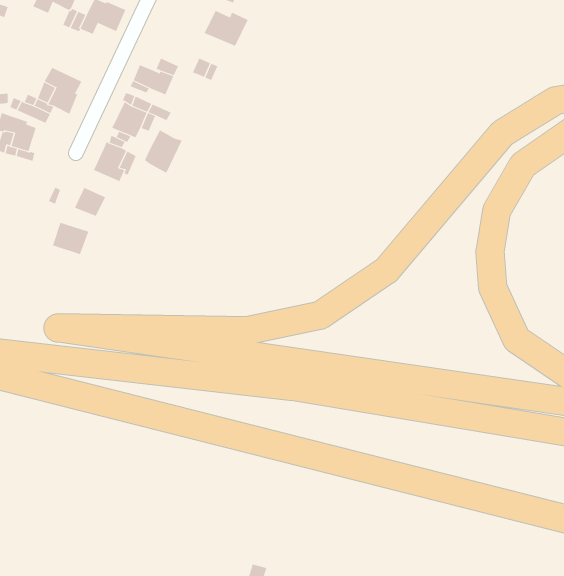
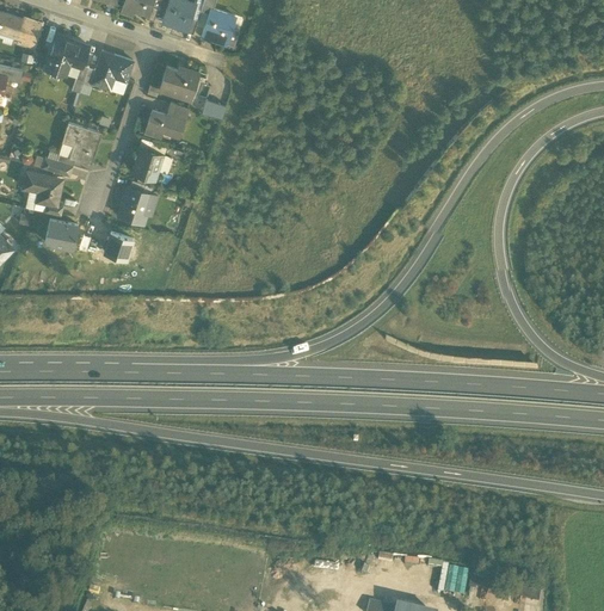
building: [204,10,248,46] -> [159,67,199,99]
building: [144,129,183,174] -> none
building: [52,222,89,255] -> [44,218,78,247]

